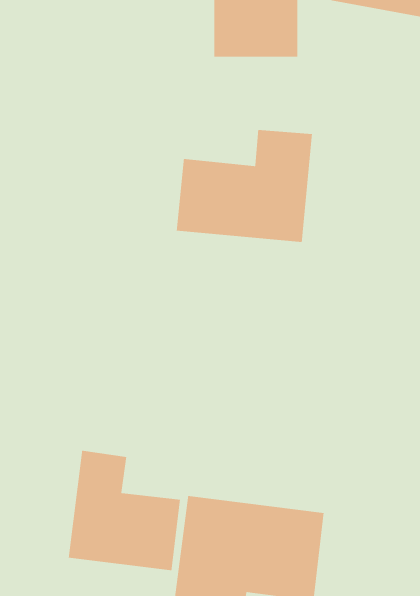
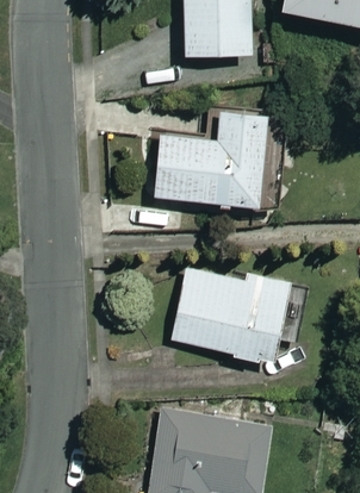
building: none -> [169,266,310,358]
building: [68,450,181,571] -> none

